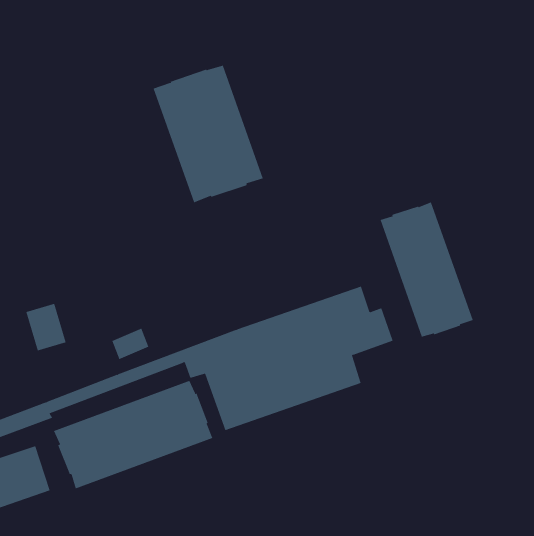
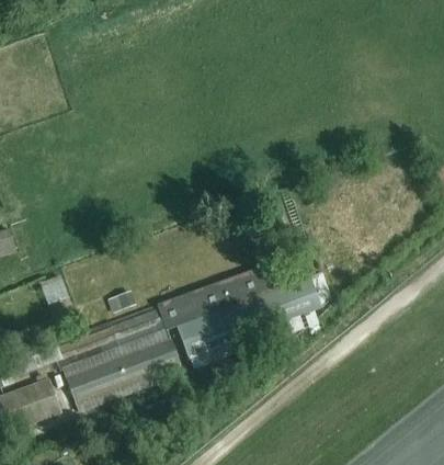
building: [153,65,263,203] -> none
building: [380,201,474,337] -> none

